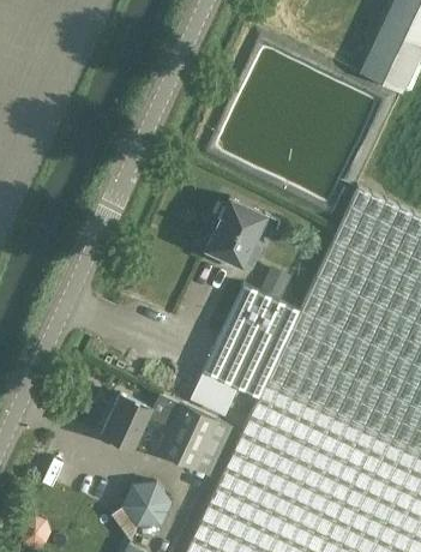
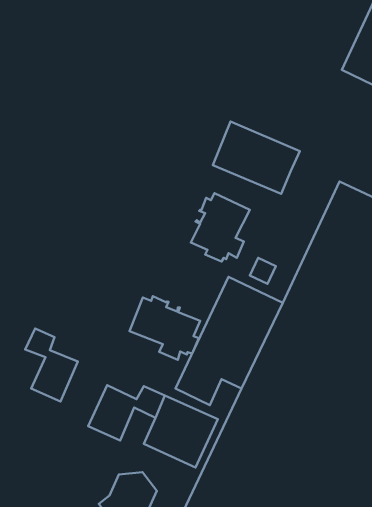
building: none -> [213,122,300,194]
building: none -> [129,296,200,360]
building: none -> [25,328,78,401]

